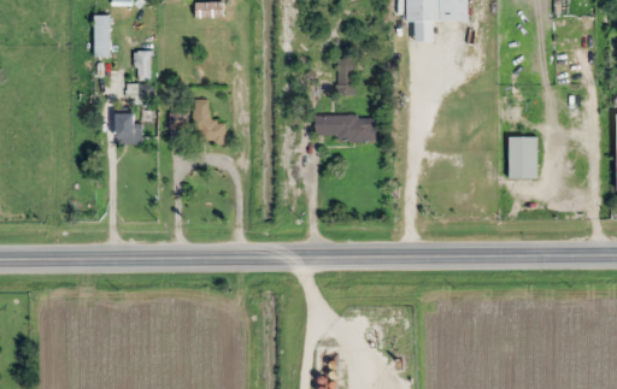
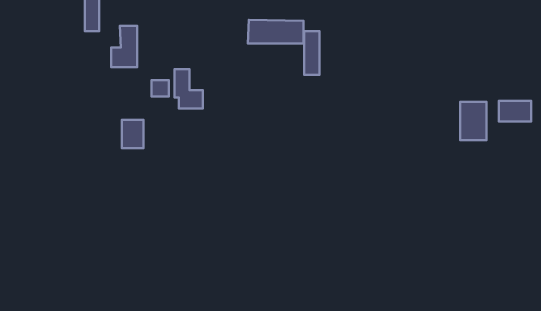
building: [116,113,140,145] -> [122,120,144,148]
building: [315,114,376,141] -> [248,20,304,44]
building: none -> [499,101,531,121]

